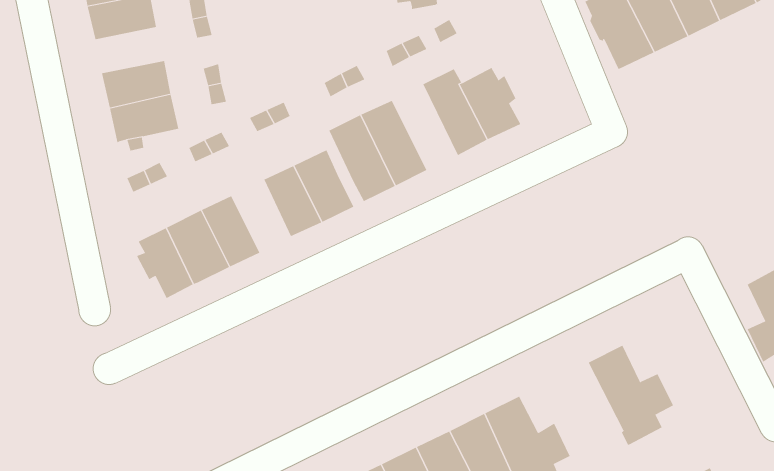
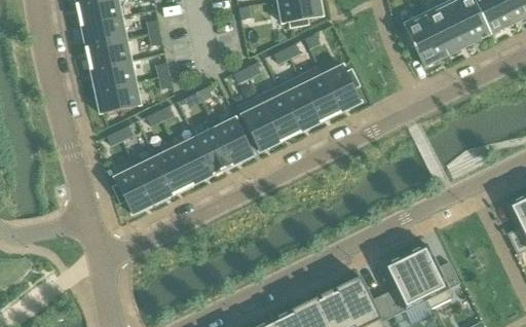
building: none -> [85,38,130,68]
building: none -> [277,75,320,131]
building: none -> [174,137,212,184]
building: none -> [382,255,426,316]

